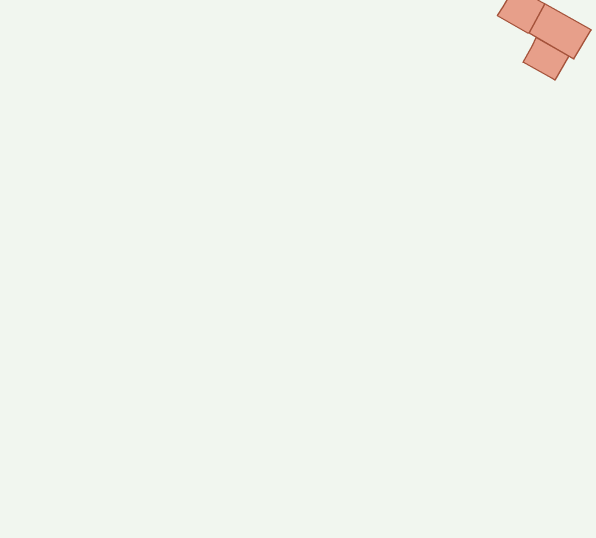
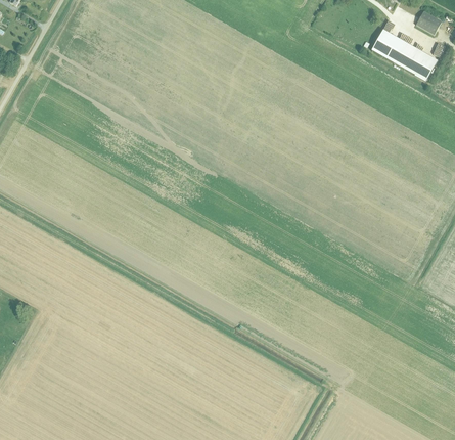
building: [523,38,569,80] -> none

